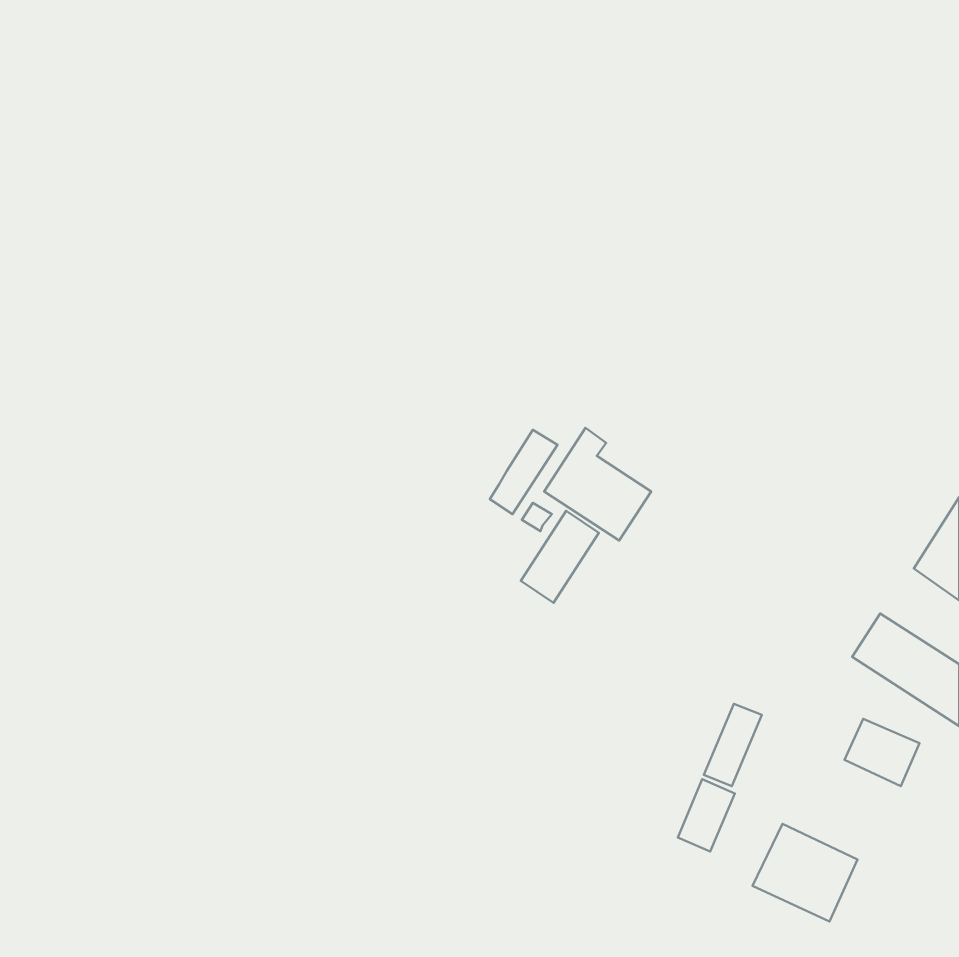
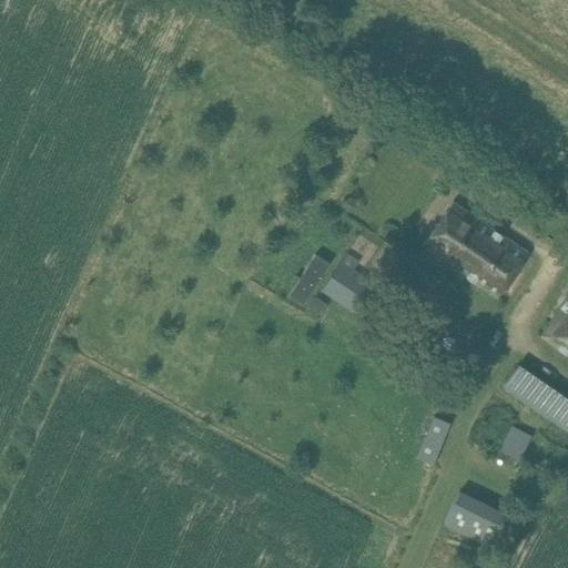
building: none -> [422,203,528,298]
building: [521,511,599,603] -> none
building: [678,779,735,852] -> none

